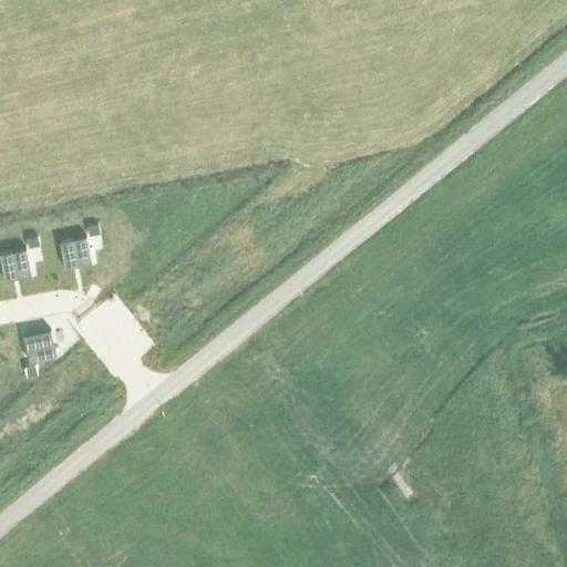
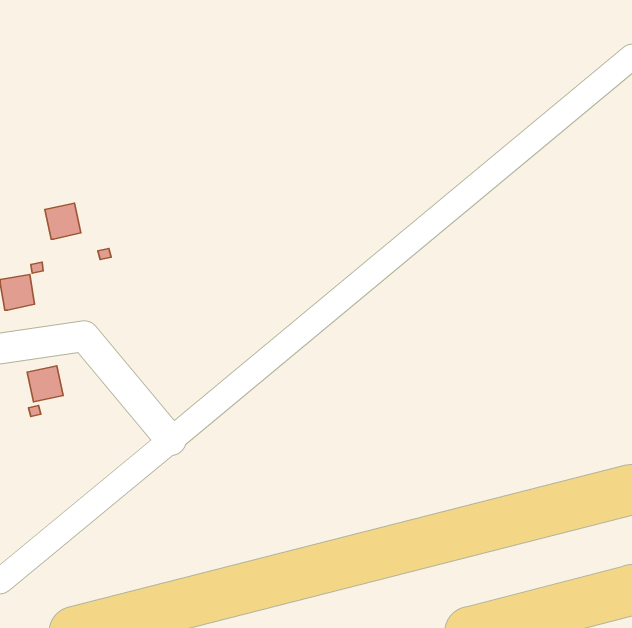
building: [60,237,92,269] -> [45,203,81,239]

